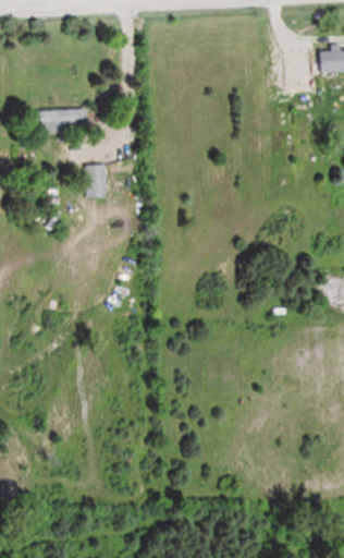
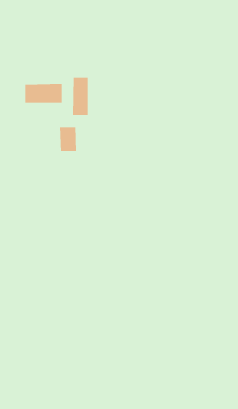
building: none -> [72,77,89,116]

